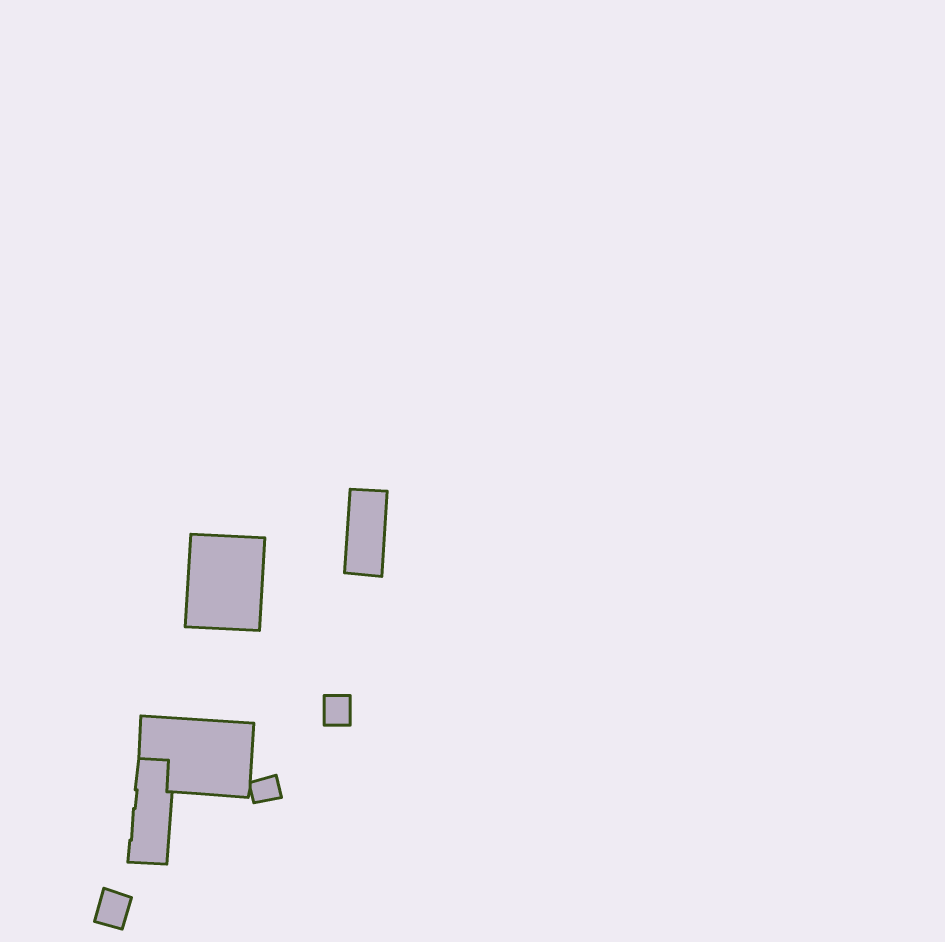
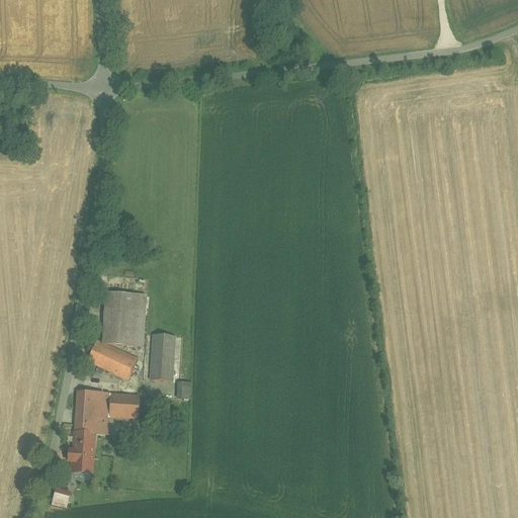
building: [345,489,387,576] -> [150,333,173,380]
building: none -> [87,339,137,378]

